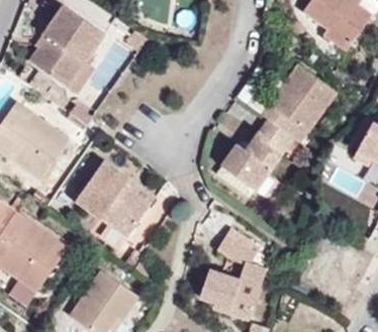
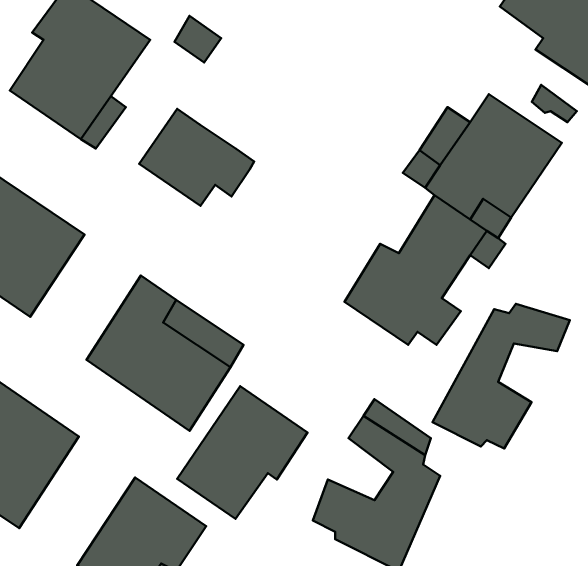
building: none -> [139,109,254,206]
building: none -> [432,304,570,449]
building: none -> [177,386,307,519]

